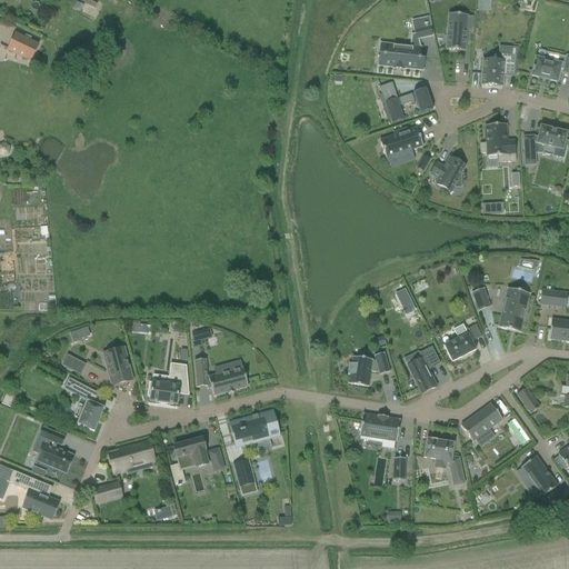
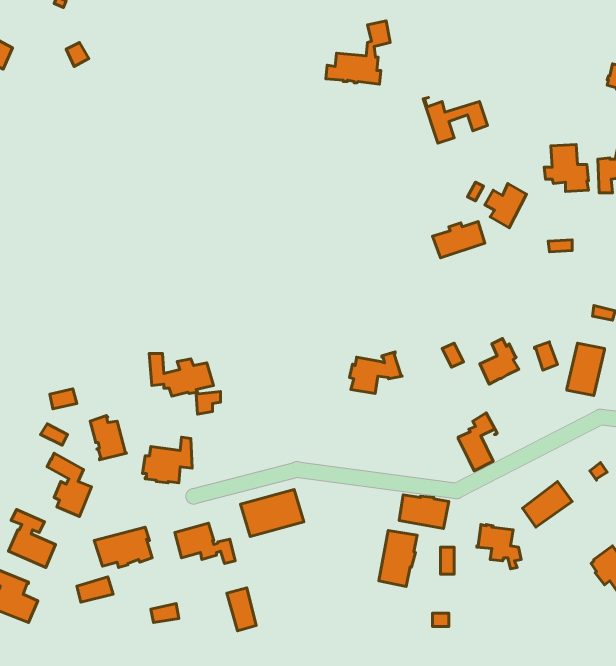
building: [446,12,472,49] -> none
building: [378,16,431,68] -> [326,21,390,84]
building: [481,46,516,84] -> none
building: [379,126,422,156] -> [433,222,485,258]
building: [443,322,476,360] -> [480,338,519,384]
building: [347,350,390,385] -> [350,352,402,394]
building: [194,358,248,393] -> [149,353,213,396]
building: none -> [379,530,417,586]
building: [232,458,257,493] -> [227,588,256,631]

